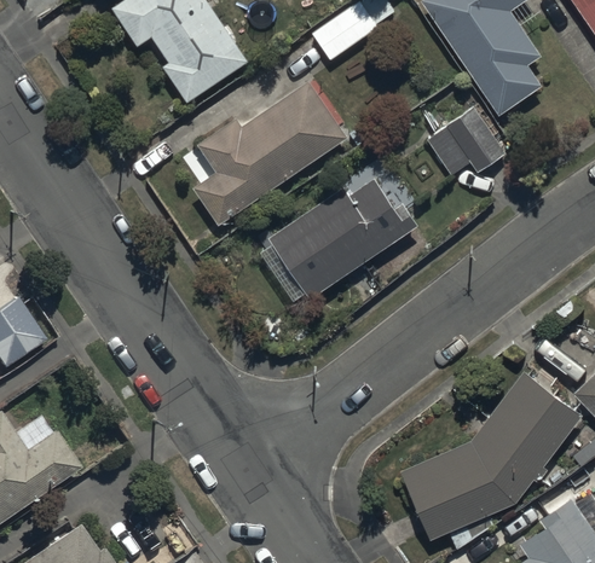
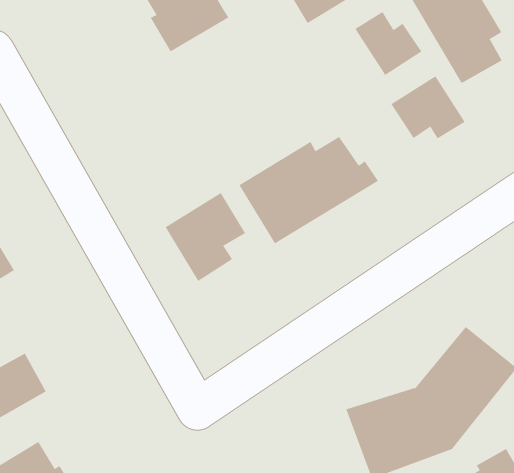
building: none -> [354,11,422,76]
building: [193,80,347,226] -> none
building: none -> [165,192,246,282]

